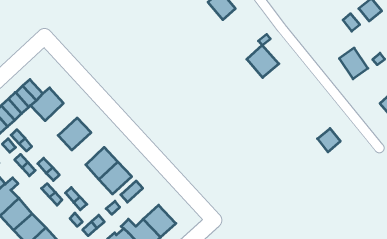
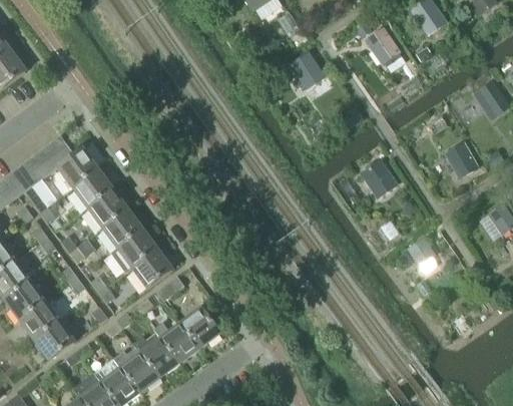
building: [247,45,279,78] -> [360,158,399,198]
building: none -> [73,169,113,209]
building: none -> [102,210,142,249]

